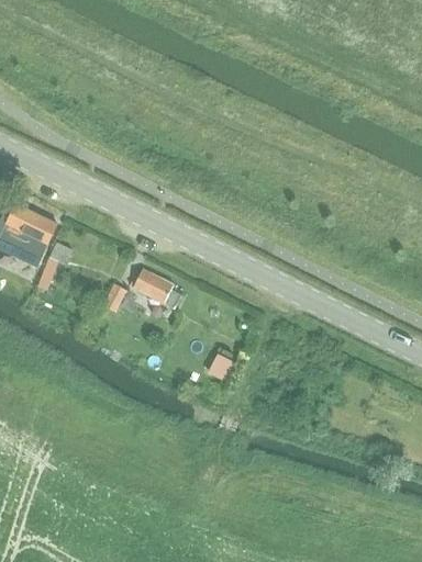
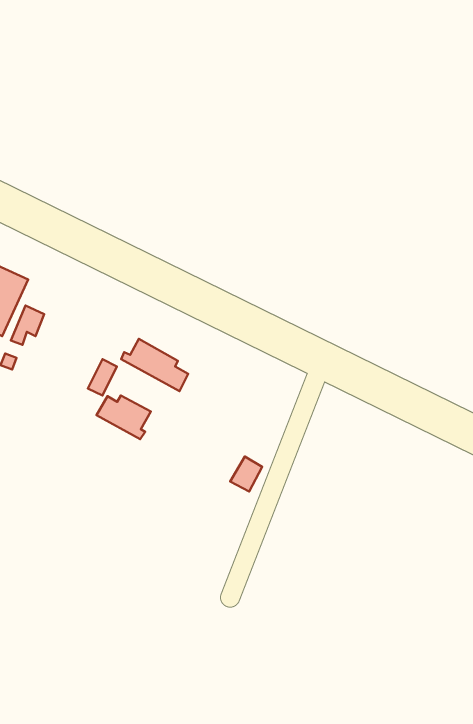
building: none -> [96,395,151,439]

